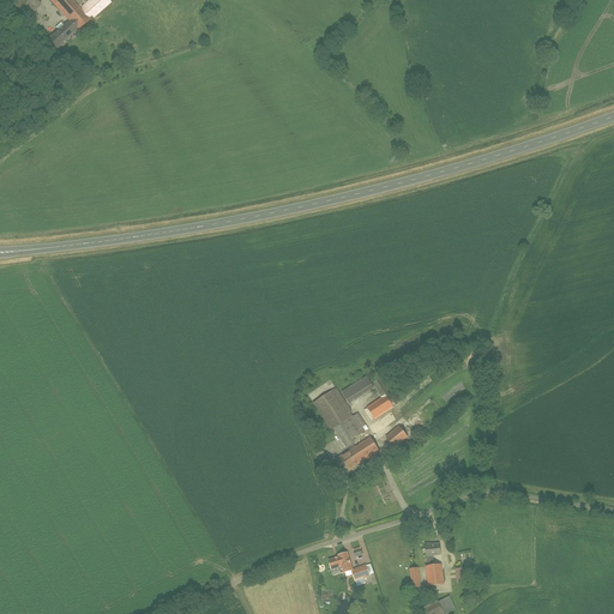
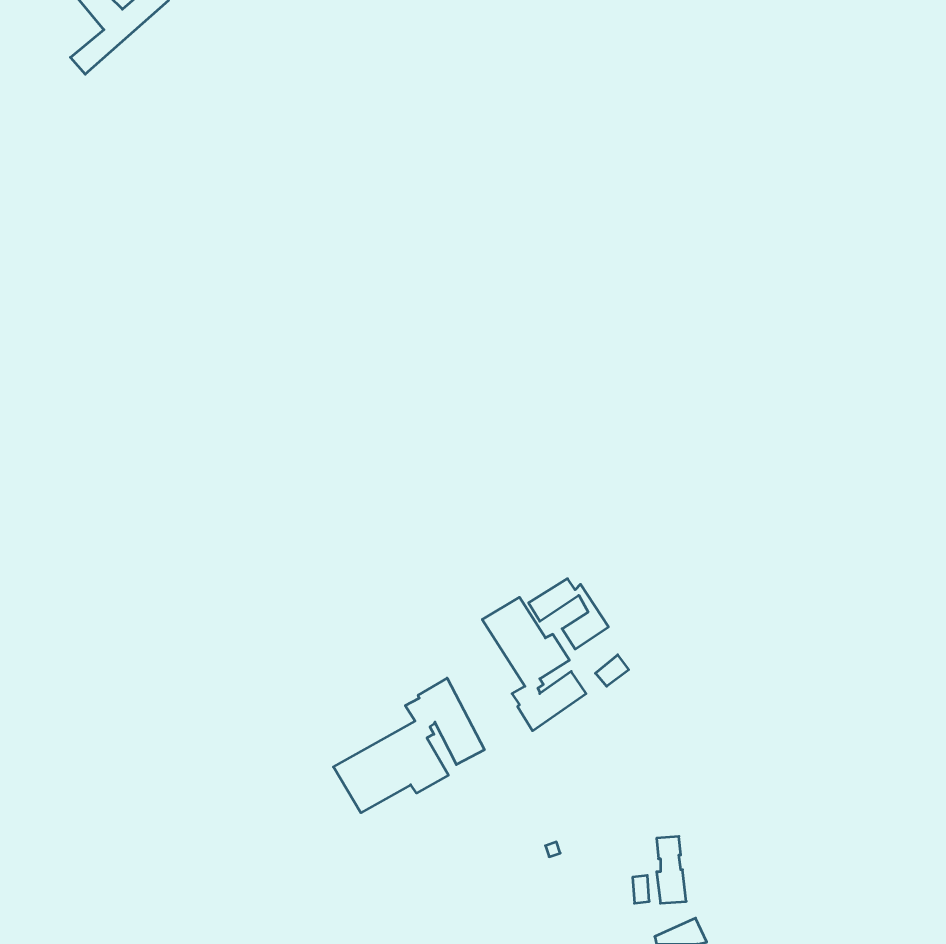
building: none -> [333,678,484,813]
building: [327,549,369,579] -> none

